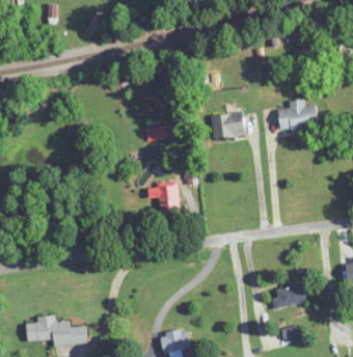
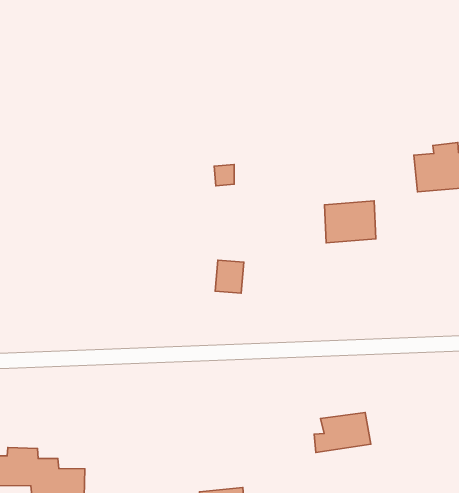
building: [211,111,245,140] -> [324,201,376,243]
building: [271,281,307,309] -> [314,412,371,453]

